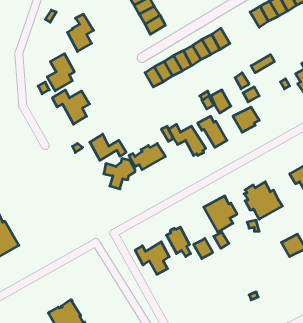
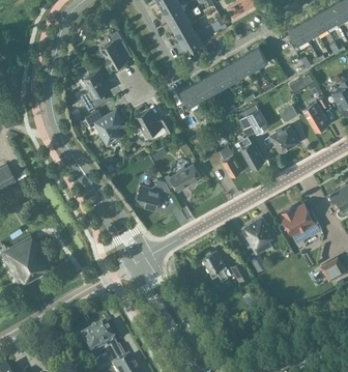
building: none -> [302,102,327,132]
building: [90,134,126,160] -> [136,110,173,137]
building: [135,242,169,274] -> none

